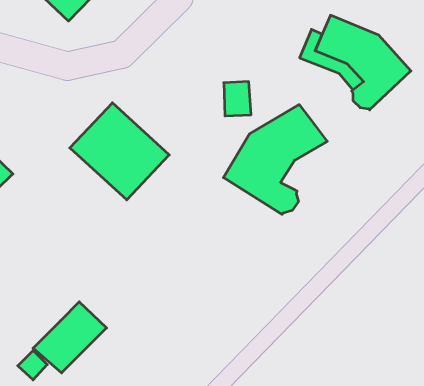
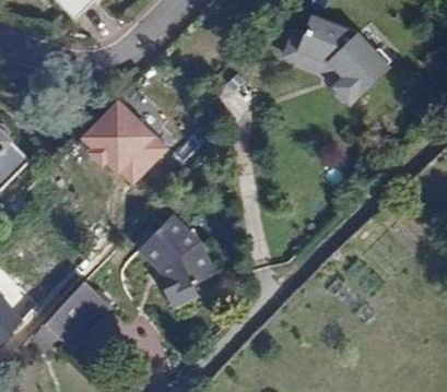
building: [223,105,327,214] -> none
building: none -> [141,212,217,306]

